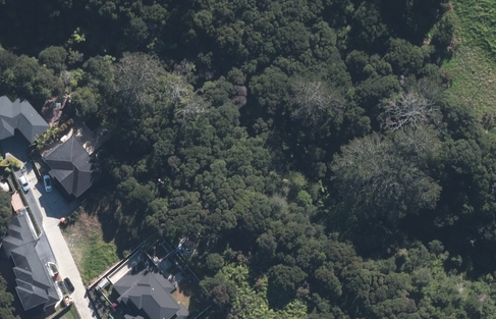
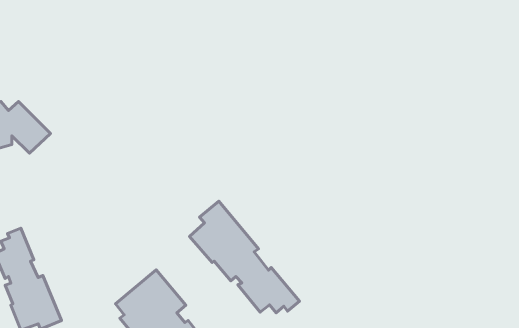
building: [38,127,109,200] -> none
building: none -> [189,201,299,313]

